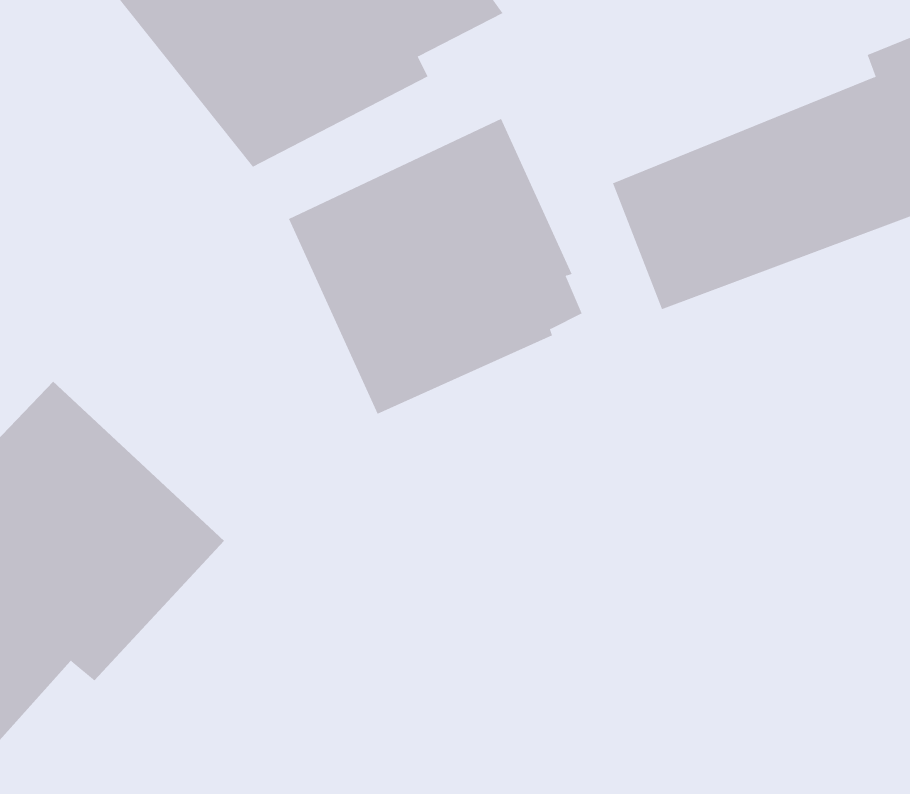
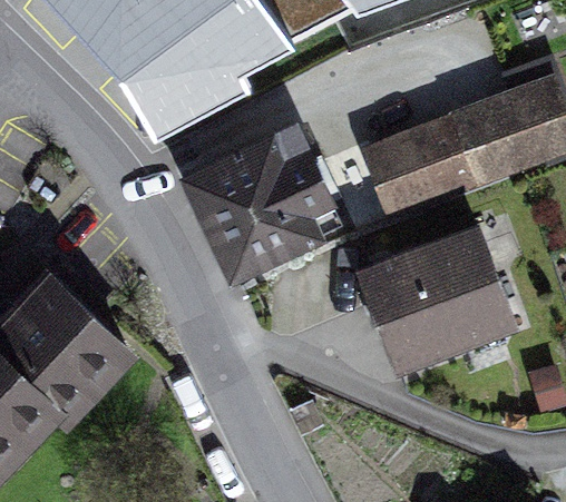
building: none -> [355,218,521,371]

